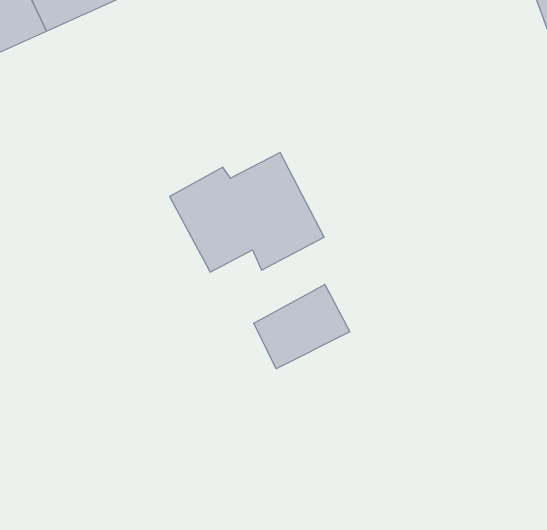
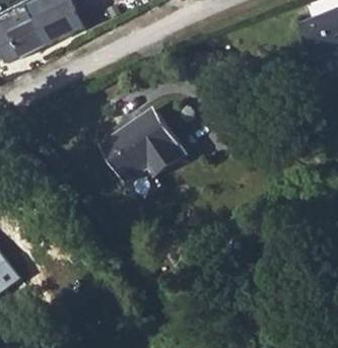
building: [254,284,350,369] -> none

